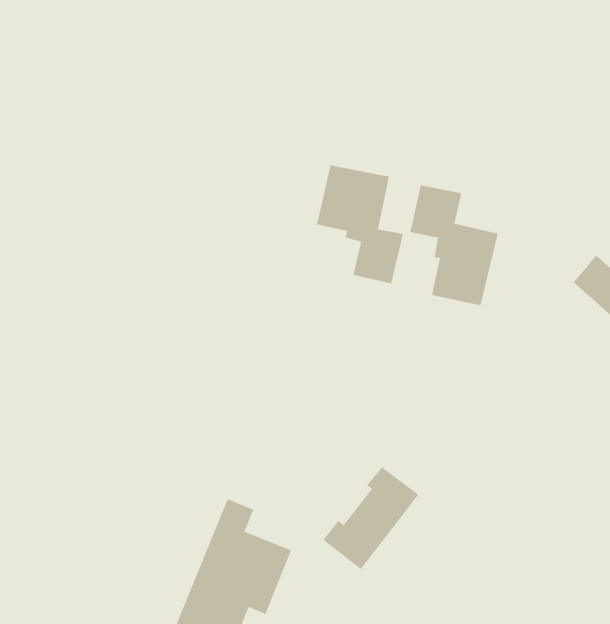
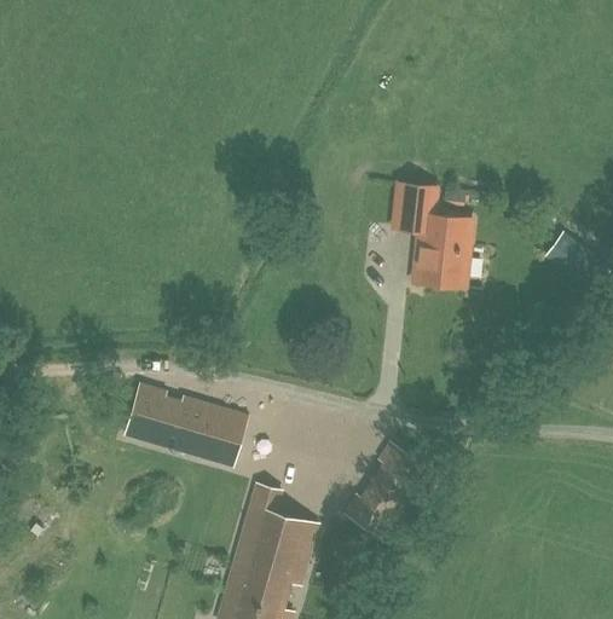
building: [317,165,403,284] -> none
building: none -> [126,383,247,465]

